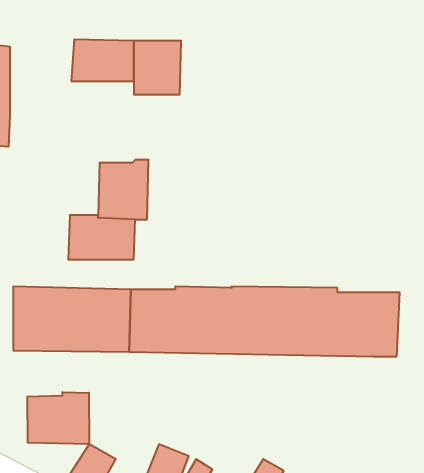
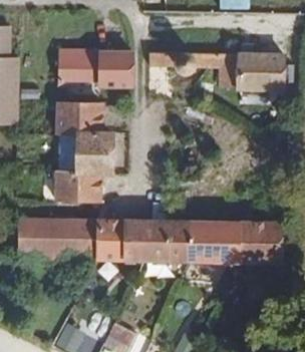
building: none -> [143,53,283,90]
building: none -> [57,103,101,134]
building: [28,392,89,444] -> none

